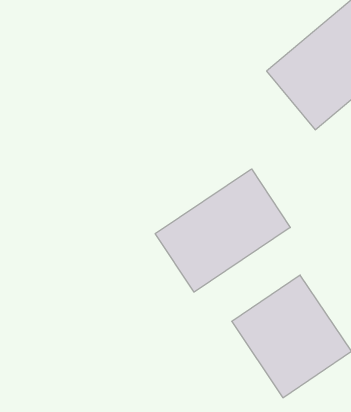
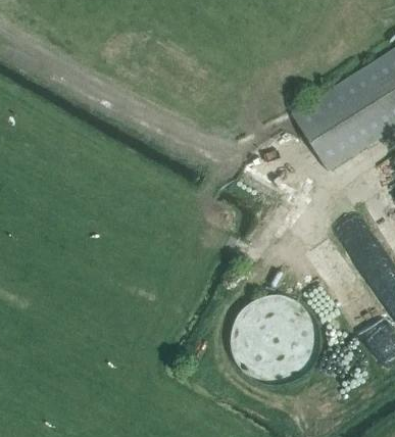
building: [155,169,290,292] -> none

